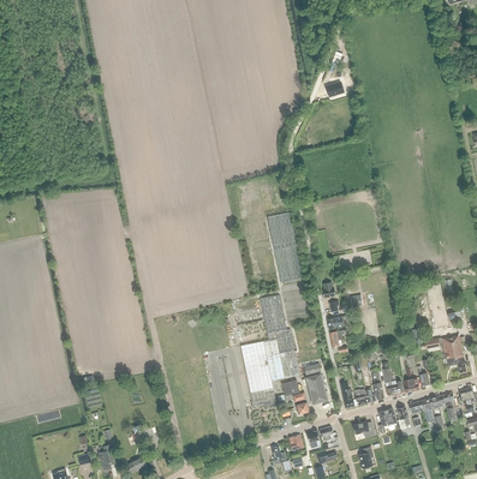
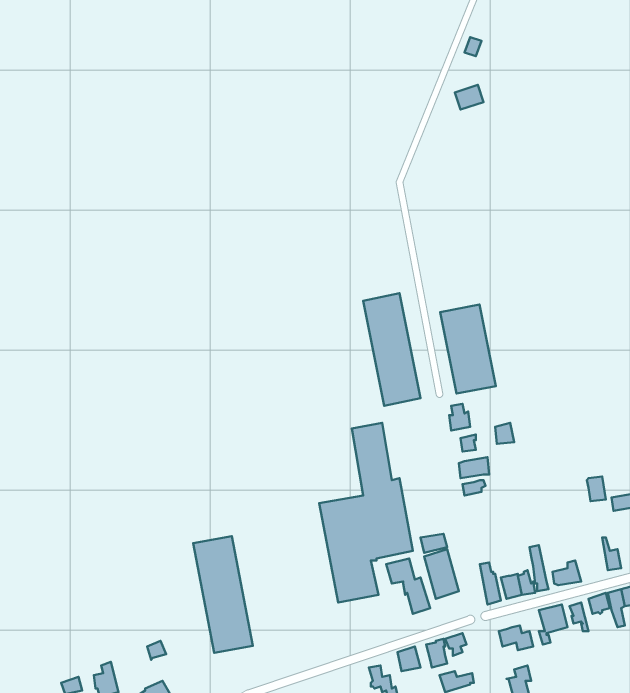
building: none -> [440,305,496,394]
building: none -> [193,536,253,653]

